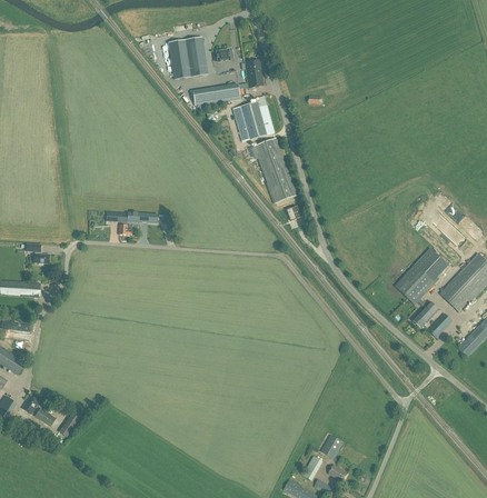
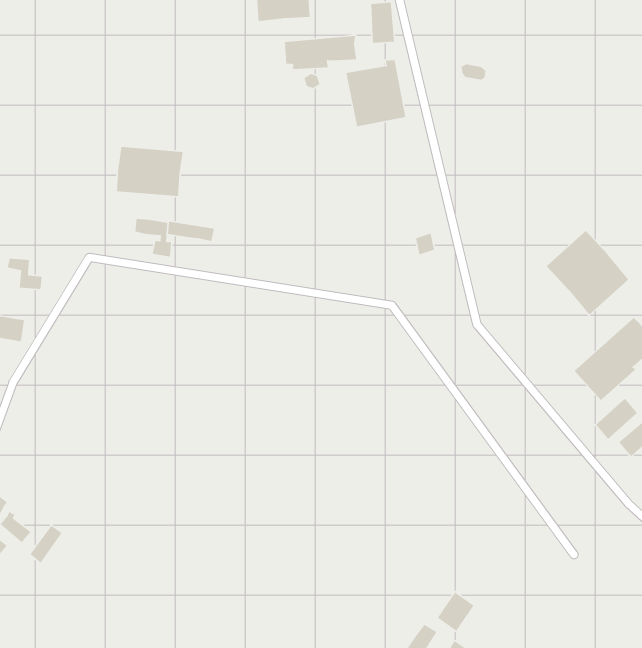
building: [252,138,296,203] -> none
building: none -> [116,146,184,197]
building: none -> [546,230,629,316]

